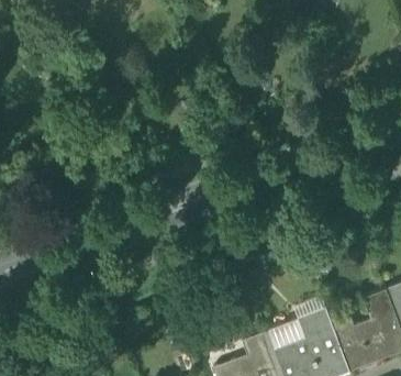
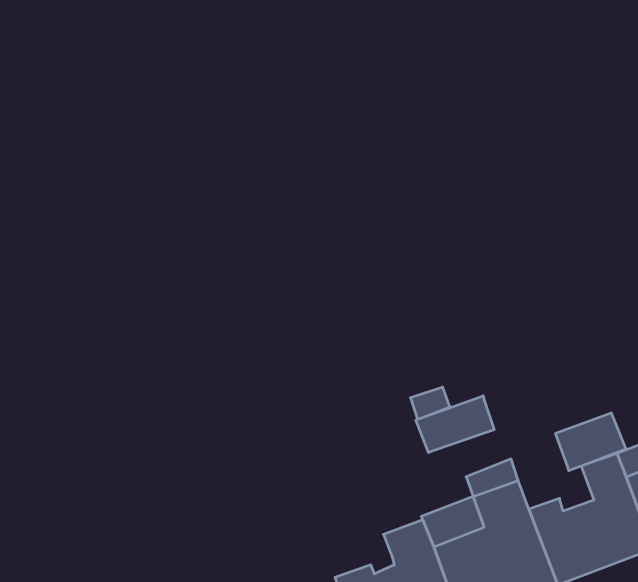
building: none -> [416,396,494,453]
building: none -> [556,413,626,471]

